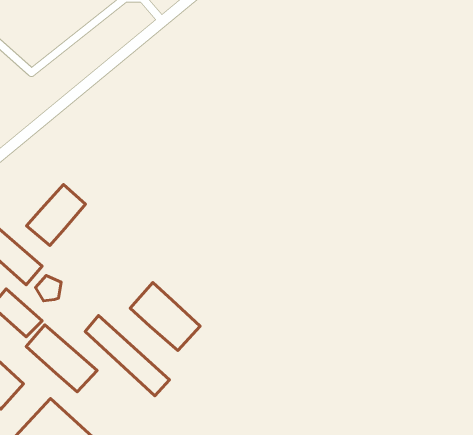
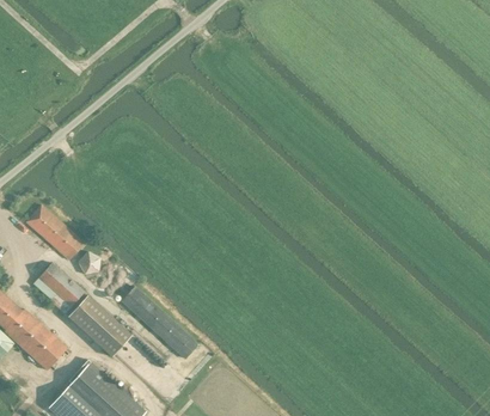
building: [26,185,85,246] -> none
building: [130,282,200,351] -> none

